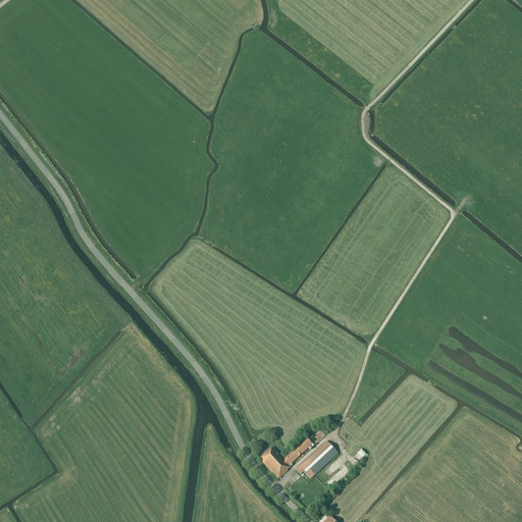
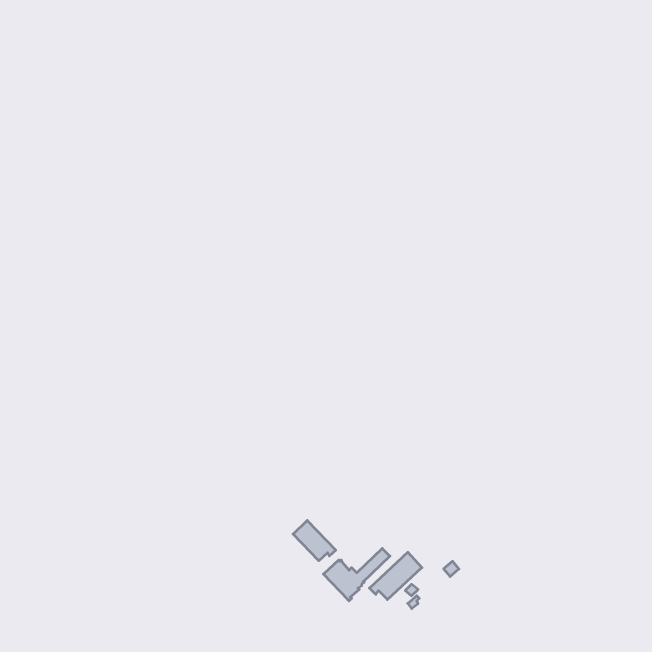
building: none -> [293,520,336,561]

